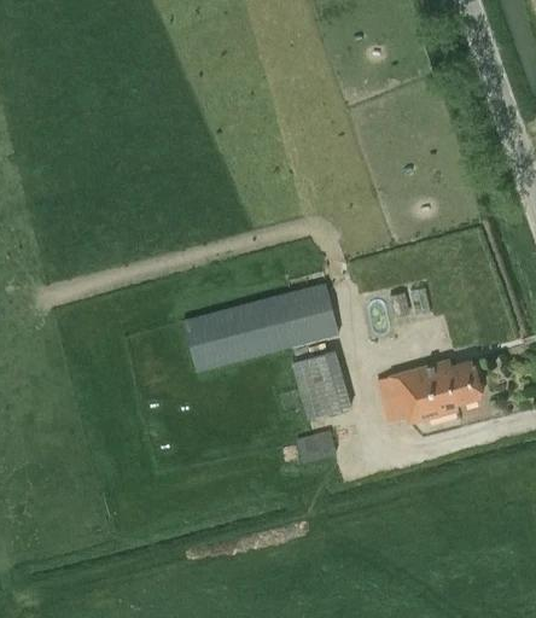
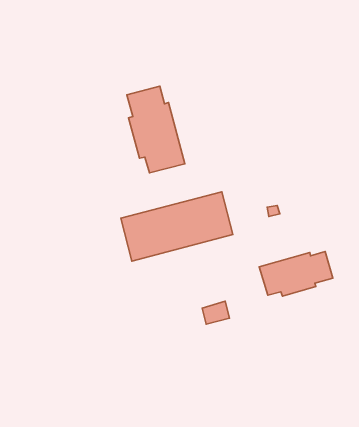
building: none -> [127,86,185,173]
building: [290,354,350,420] -> none

